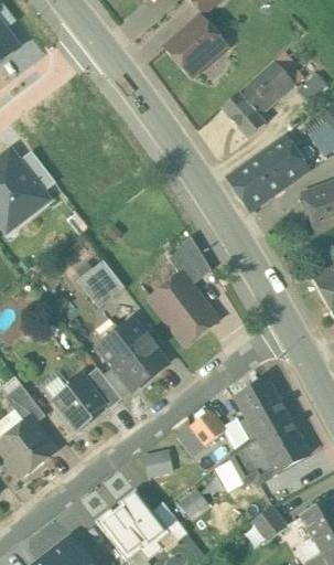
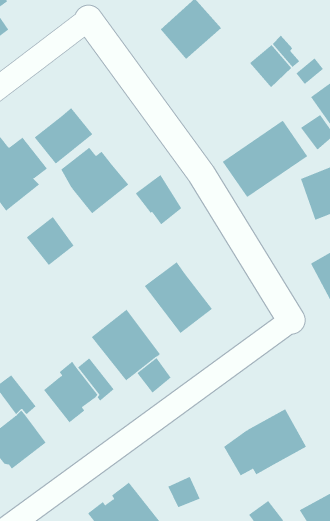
building: [222,81,273,139] -> none
building: none -> [34,107,93,164]
building: none -> [61,147,129,214]
building: [165,236,212,286] -> [135,174,182,225]
building: [77,259,125,308] -> [26,216,75,266]
building: [235,380,288,438] -> none
building: [190,411,224,446] -> [136,357,172,393]
building: [139,447,171,477] -> none

